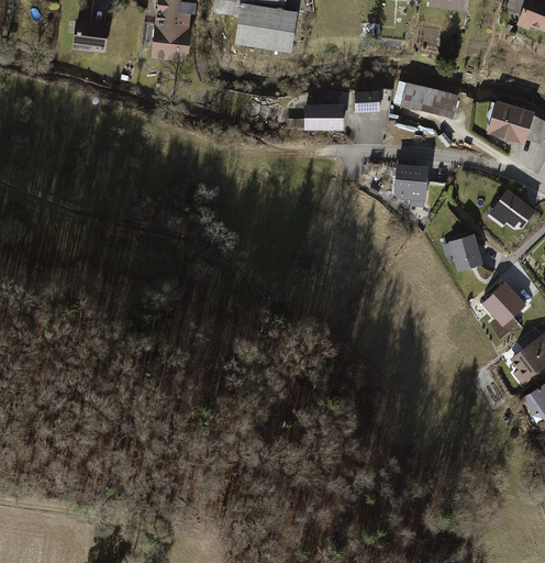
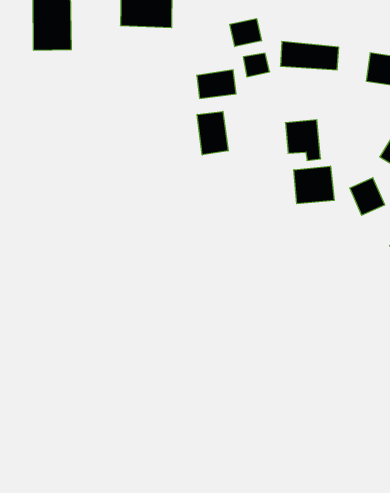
building: none -> [230,19,261,47]
building: none -> [197,111,228,155]
building: none -> [294,166,334,204]

